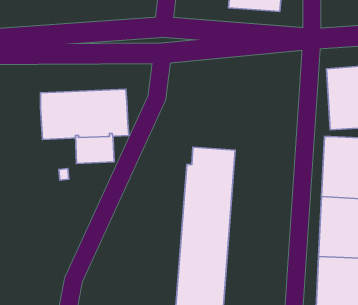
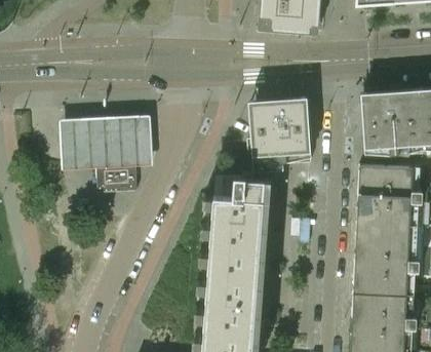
building: none -> [250,97,313,173]

